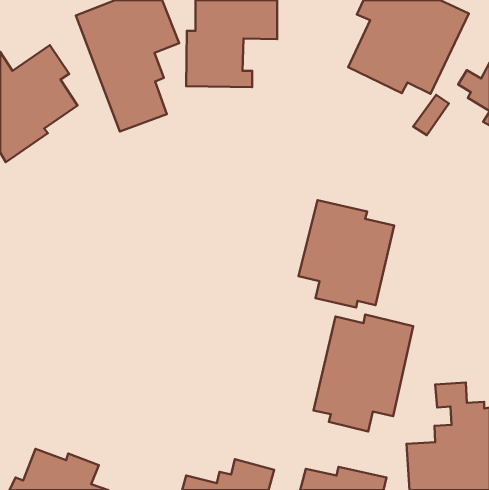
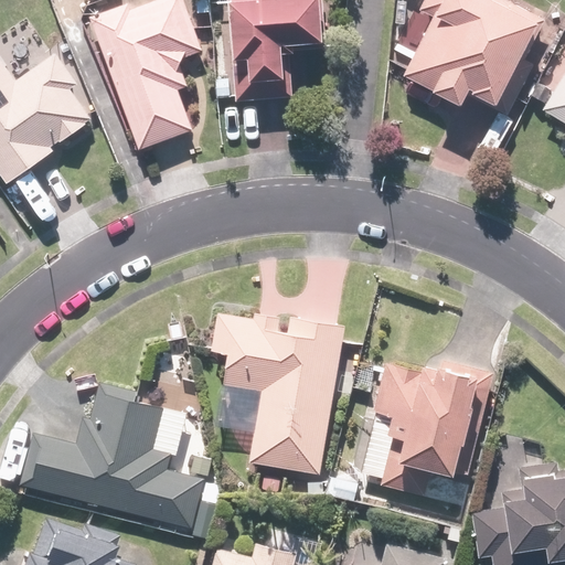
building: [299,200,394,308] -> none
building: none -> [210,312,344,477]
building: none -> [19,381,220,542]

